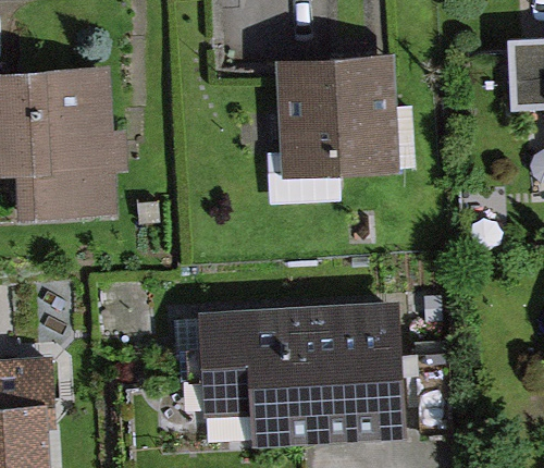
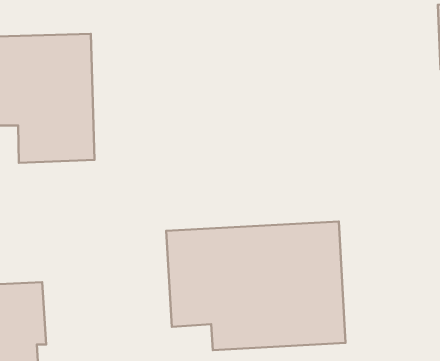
building: [274,56,403,177] -> none

